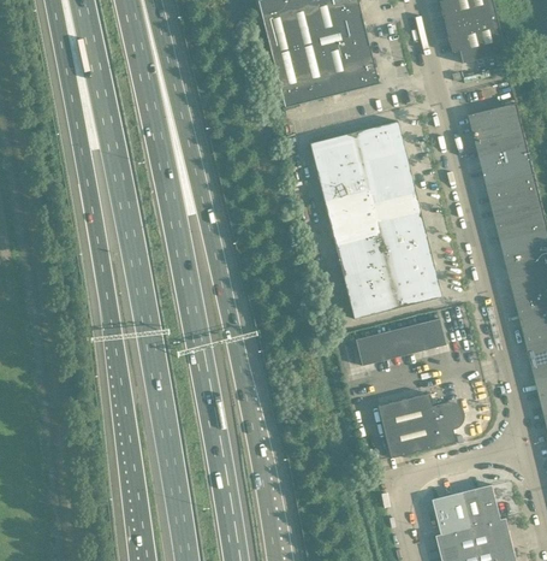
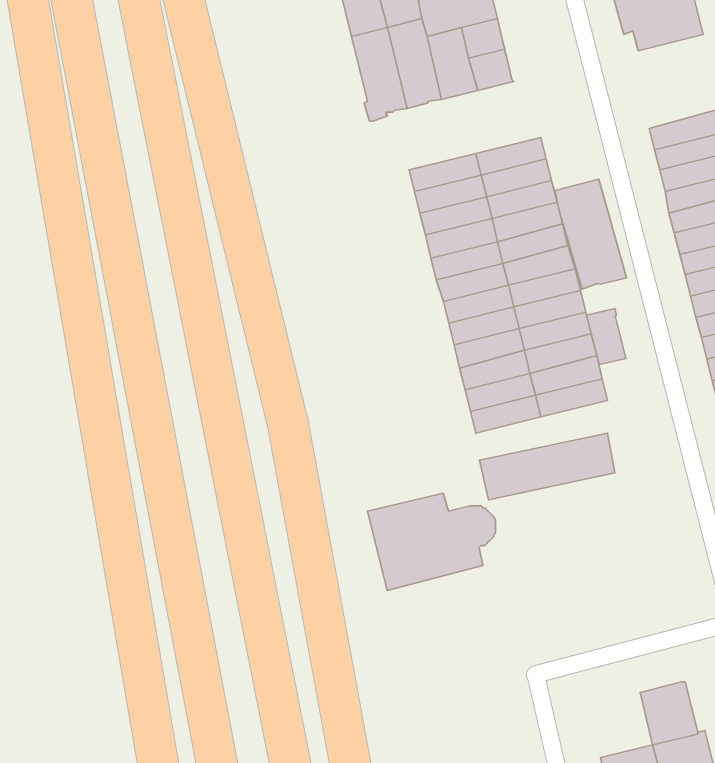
building: none -> [555,179,626,289]
building: none -> [587,308,626,365]
building: [377,394,463,459] -> [367,493,496,591]
building: [433,492,471,535] -> none

